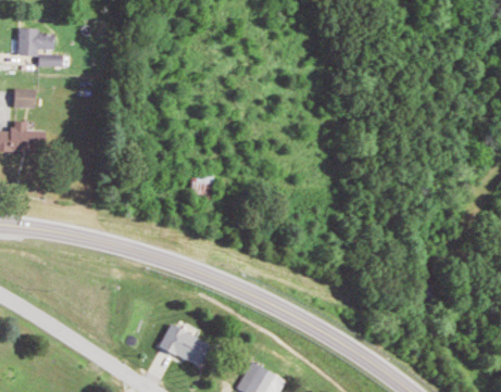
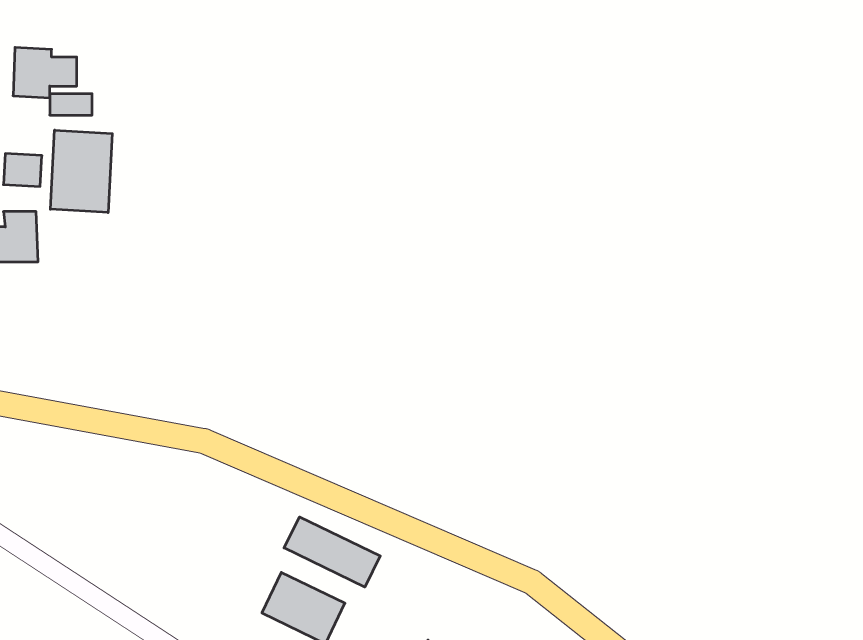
building: none -> [50,130,112,213]
building: none -> [284,517,380,587]

